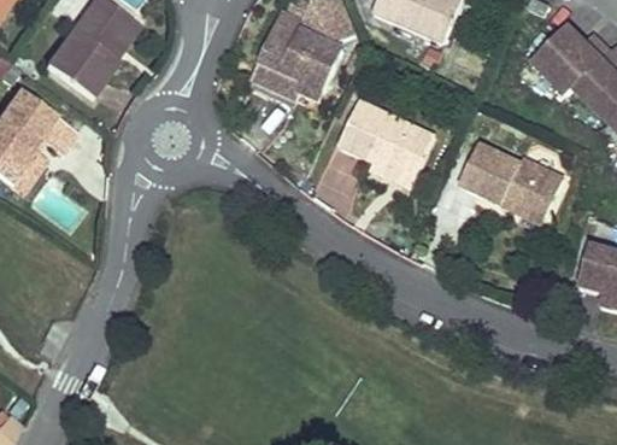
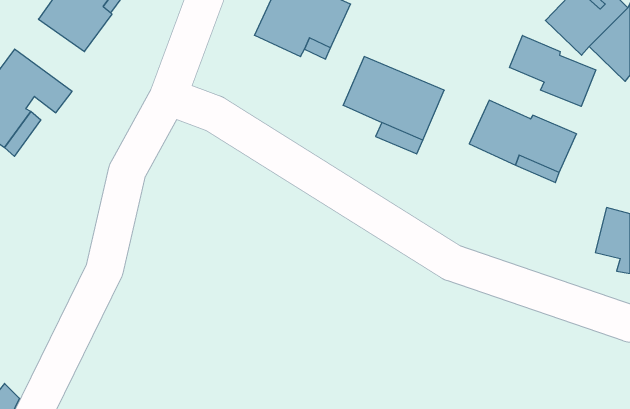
building: none -> [510,35,596,106]

